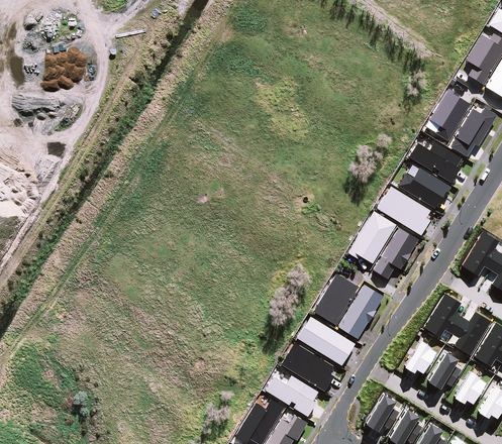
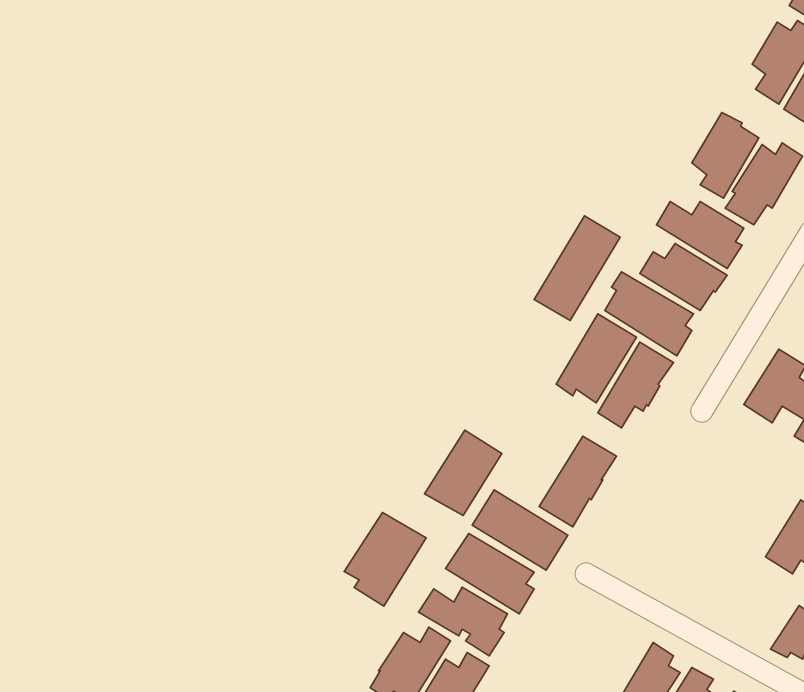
building: none -> [534,216,620,321]
building: [313,272,360,324] -> [425,430,502,516]
building: [423,292,491,354] -> none
building: none -> [344,513,426,606]
building: [404,340,436,372] -> none
building: [428,352,462,388] -> none
building: [455,371,486,404] -> none
building: [366,394,400,431] -> none

